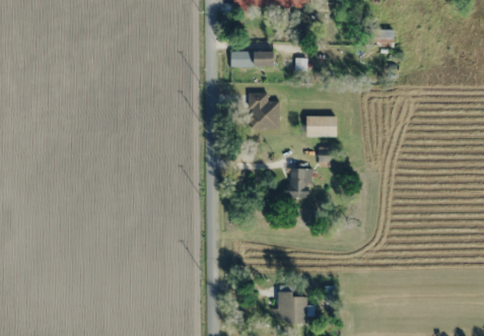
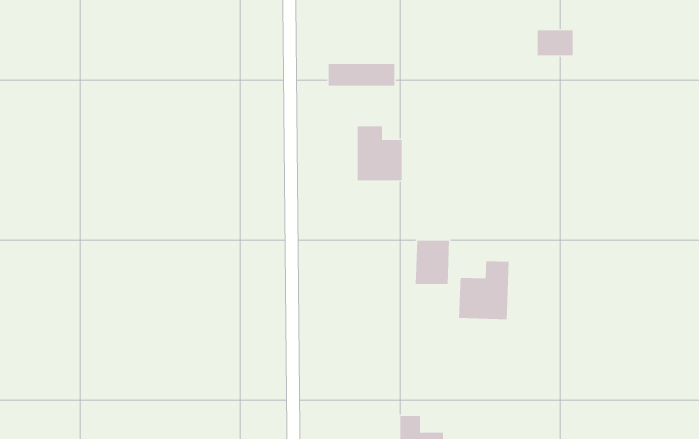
building: [306,116,337,136] -> none
building: none -> [459,260,509,320]

